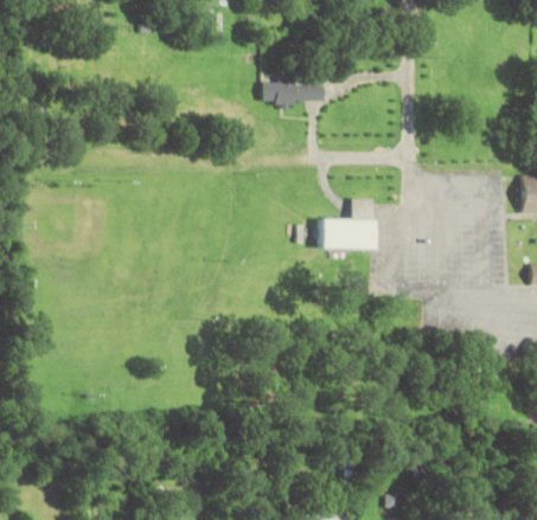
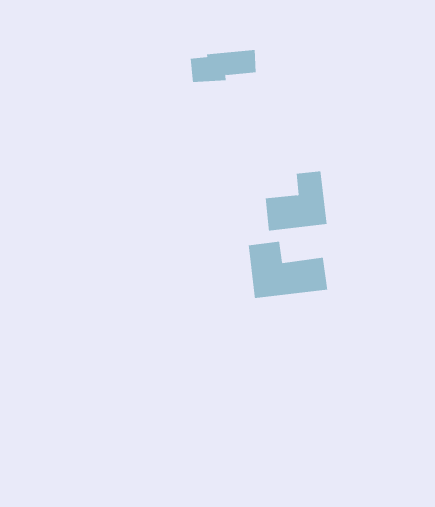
building: none -> [248,241,328,299]

